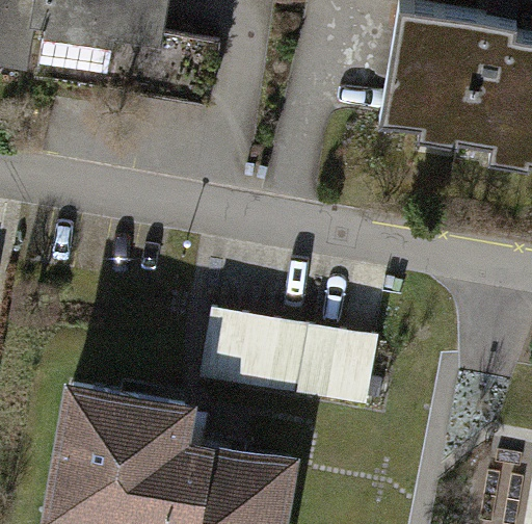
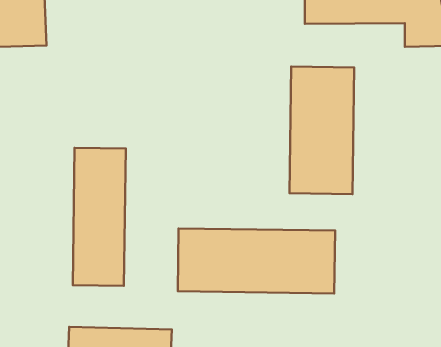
building: none -> [289,66,354,194]
building: none -> [73,148,126,286]

